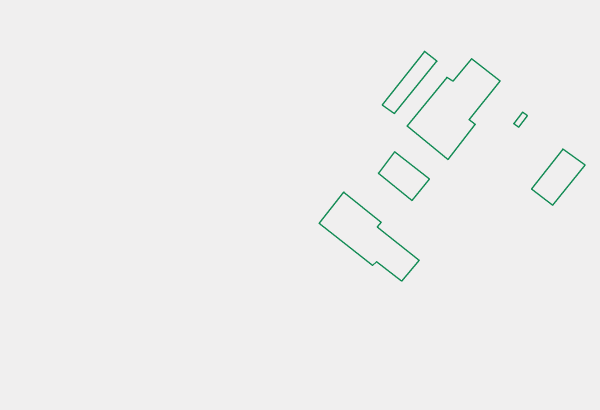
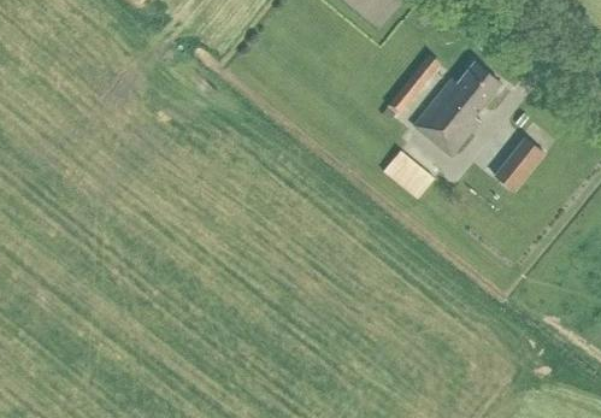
building: [532,149,585,205] -> [494,136,546,190]
building: [319,192,419,281] -> none

